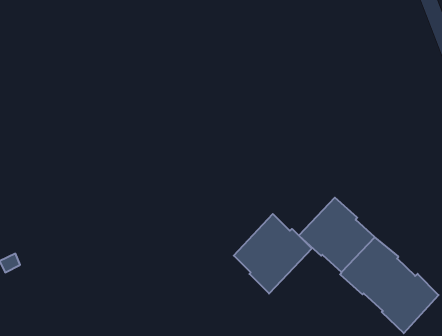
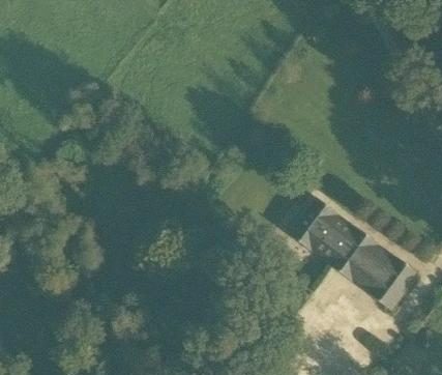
building: [234,214,312,294] -> none

